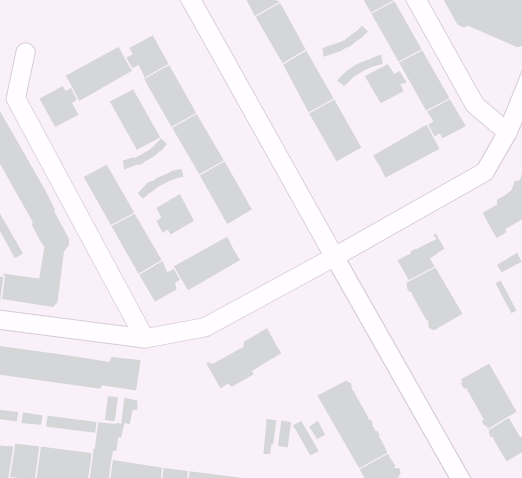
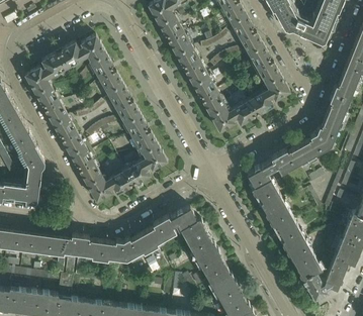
building: [364,63,408,104] -> [209,107,237,132]
building: [109,88,161,150] -> [35,86,68,124]
building: [156,193,195,236] -> [143,144,167,171]
building: none -> [271,146,308,175]
building: none -> [167,208,216,259]
building: none -> [269,209,304,249]
building: none -> [86,237,138,261]

